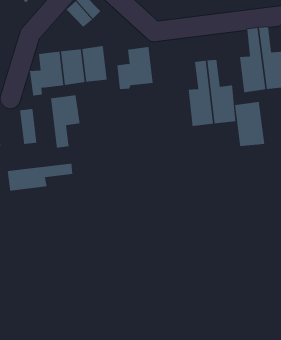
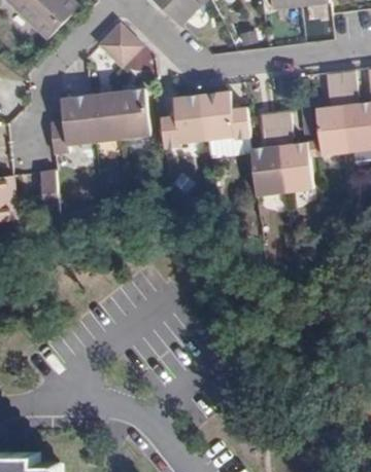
building: none -> [203,88,250,138]
building: [50,94,80,149] -> none
building: [234,101,265,147] -> none
building: [7,163,73,192] -> none

